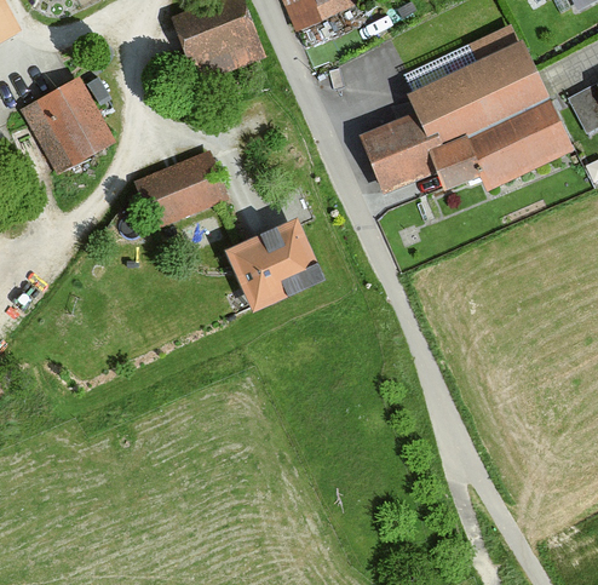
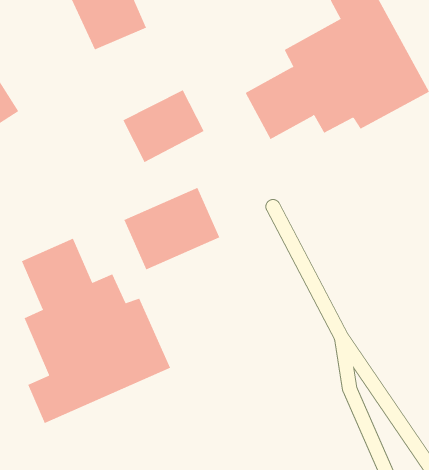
building: [132,147,223,225] -> [123,90,205,163]
building: none -> [21,238,171,424]

